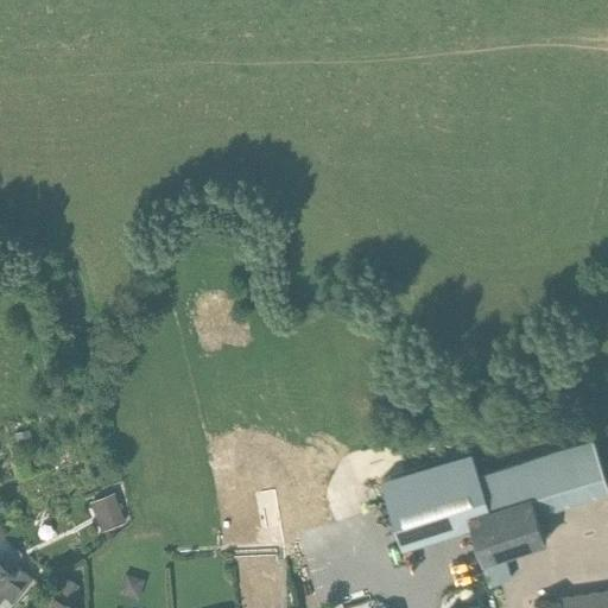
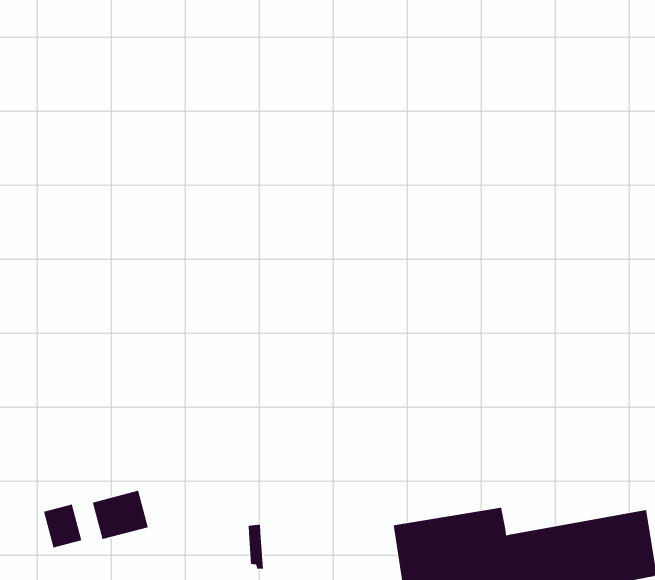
building: none -> [92,490,149,540]

